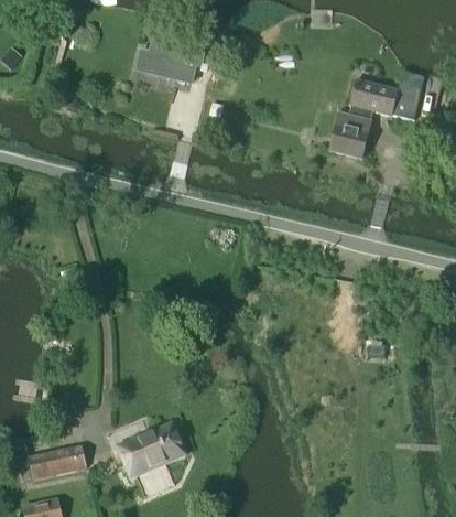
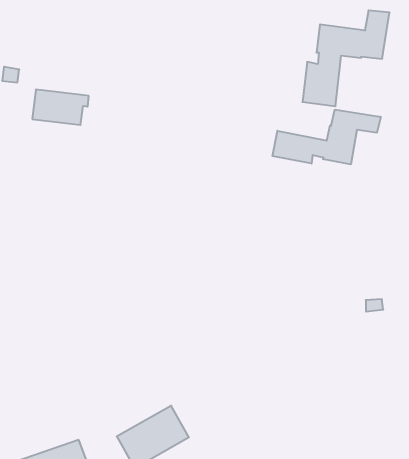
building: [146,43,203,82] -> [32,90,89,125]
building: none -> [272,110,381,164]

